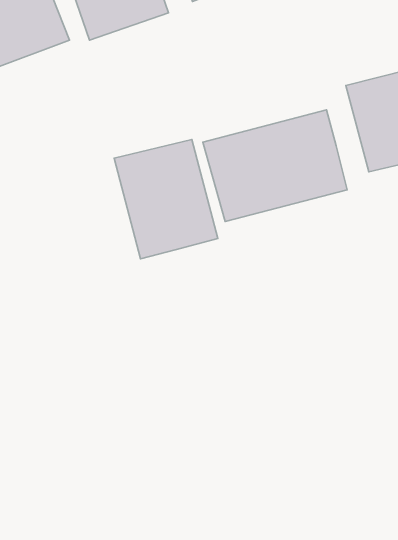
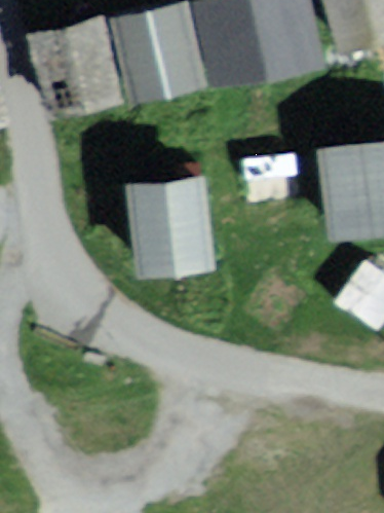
building: [203,110,347,222] -> none

